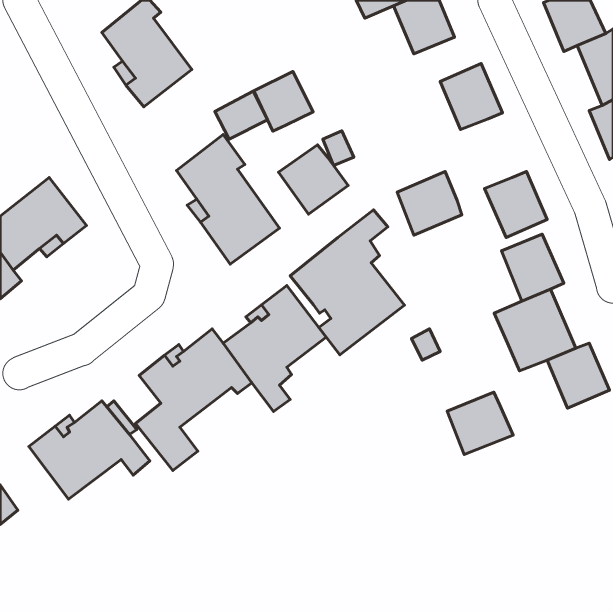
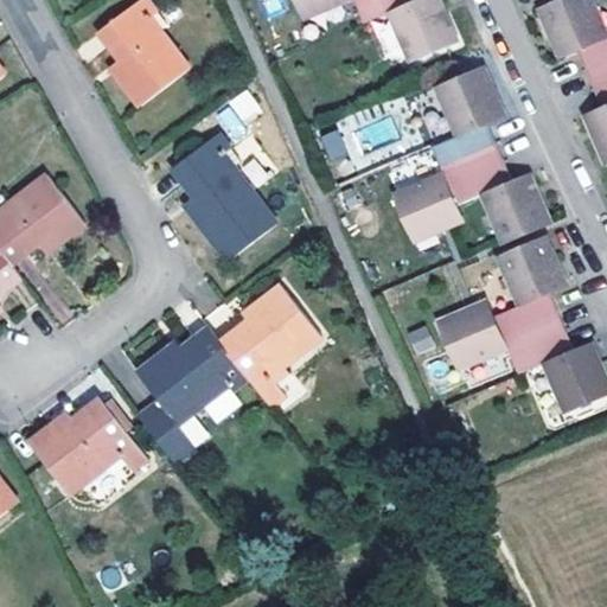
building: [254,72,313,131] -> none
building: none -> [428,119,506,199]
building: [279,145,348,214] -> none
building: [290,210,404,355] -> none
building: [447,392,513,455] -> [436,298,501,359]

